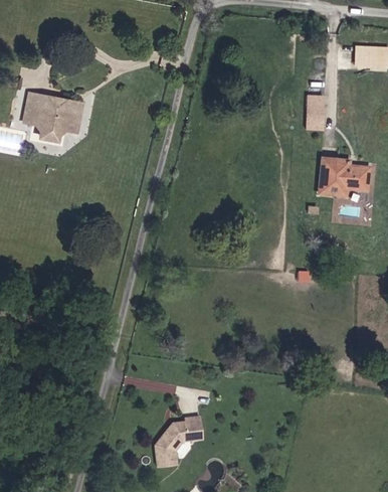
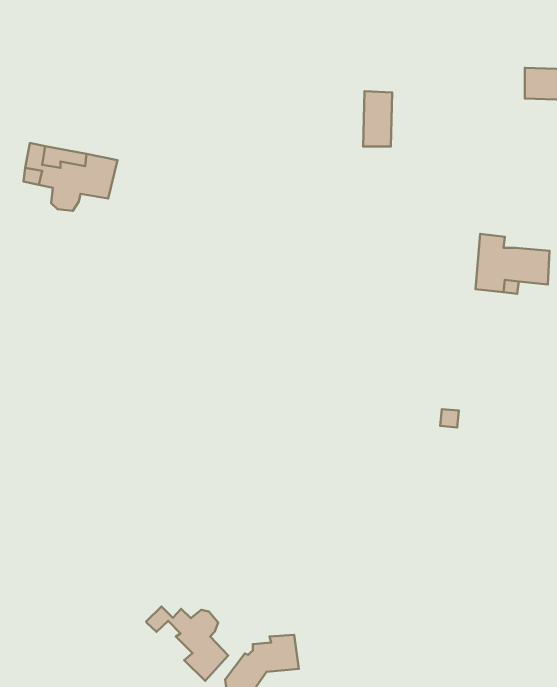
building: [302,95,321,131] -> [363,91,392,146]
building: none -> [146,606,228,681]

